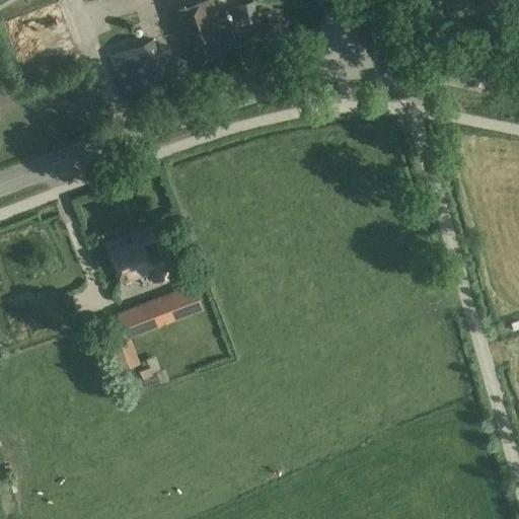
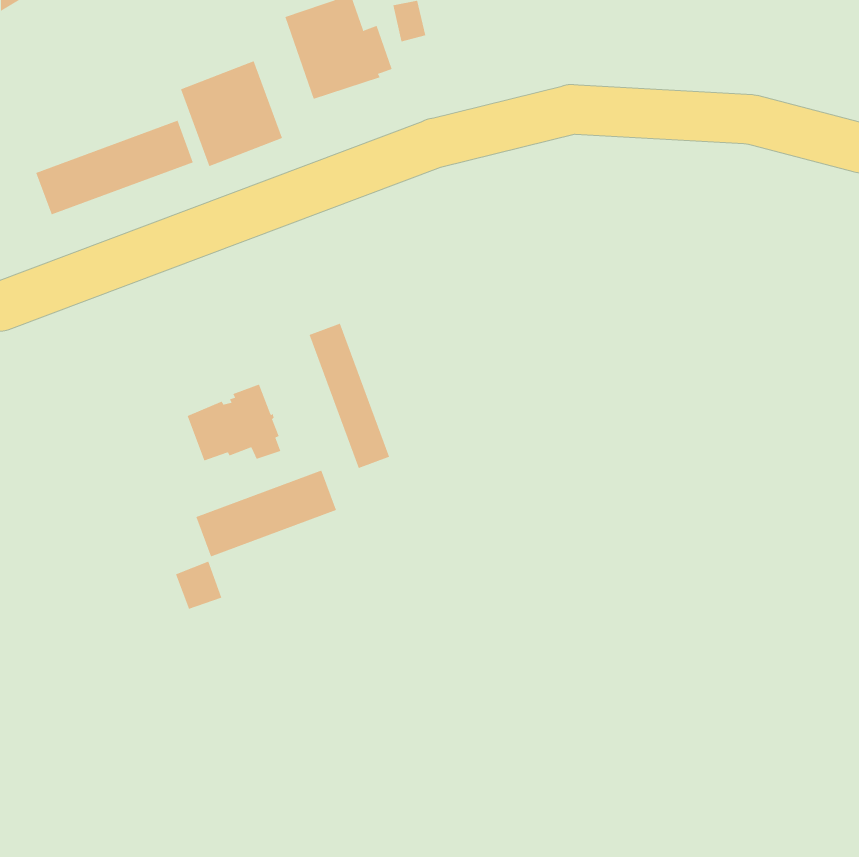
building: none -> [36,120,194,215]
building: none -> [309,323,390,469]

